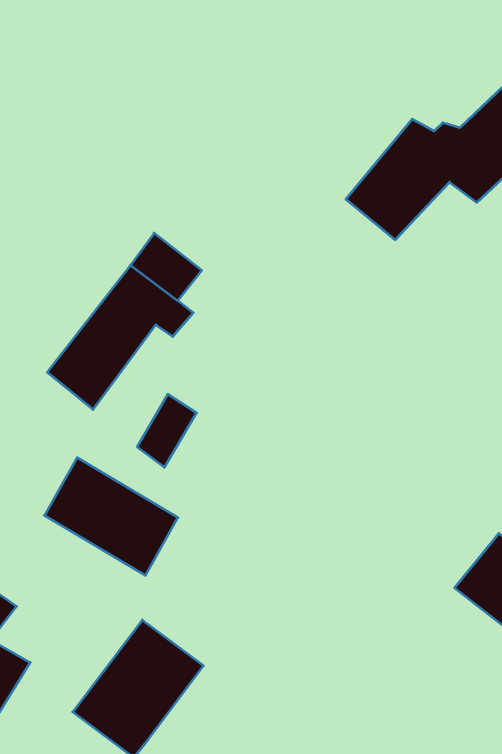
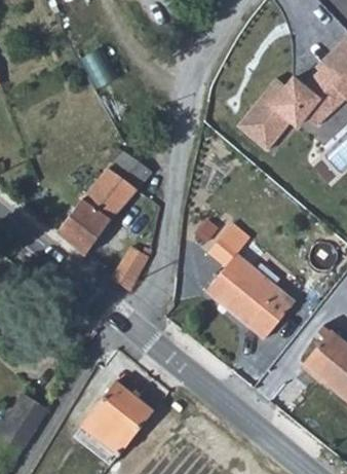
building: none -> [206,222,294,336]
building: [44,458,178,575] -> none

